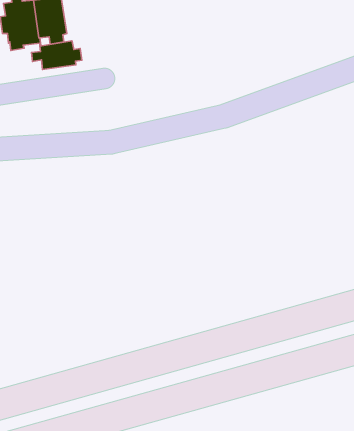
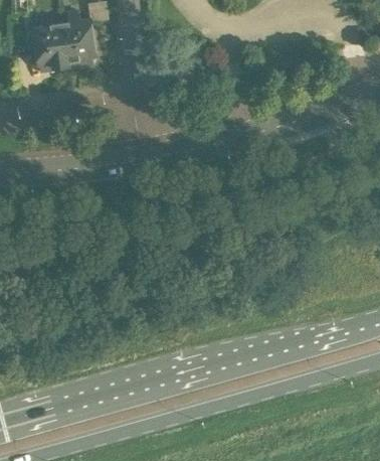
building: [32,41,82,70] -> none

